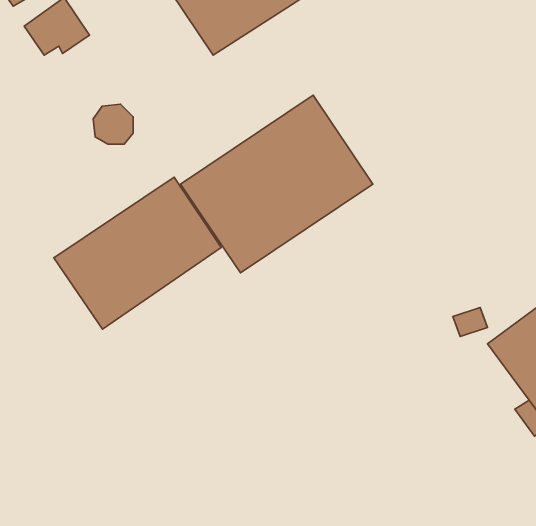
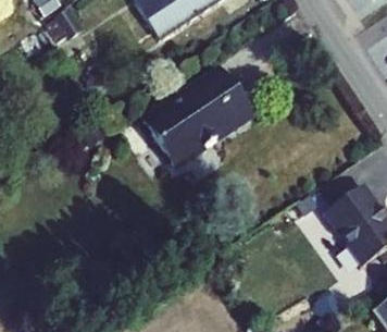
building: [54,177,221,329] -> none

